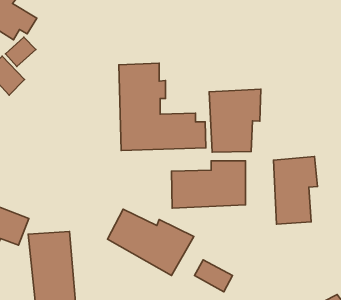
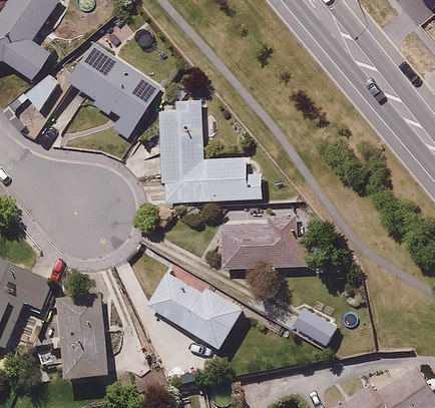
building: none -> [67,34,161,134]
building: [209,89,261,152] -> none
building: [274,156,318,224] -> none
building: [194,260,232,292] -> [291,309,335,346]

